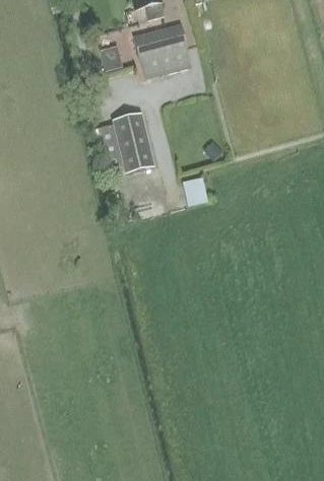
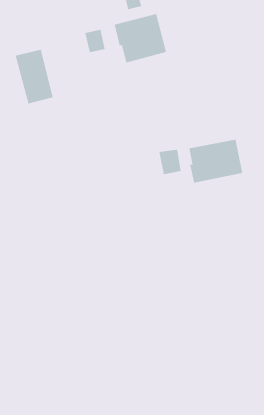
building: [111,112,153,173] -> [15,49,53,104]
building: none -> [189,139,243,184]

